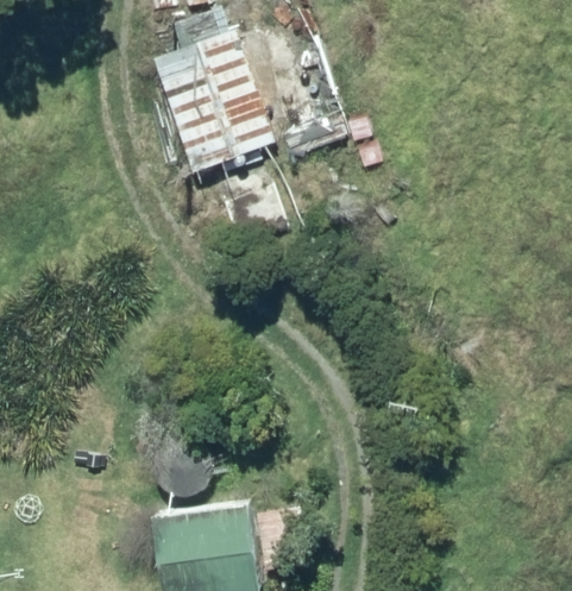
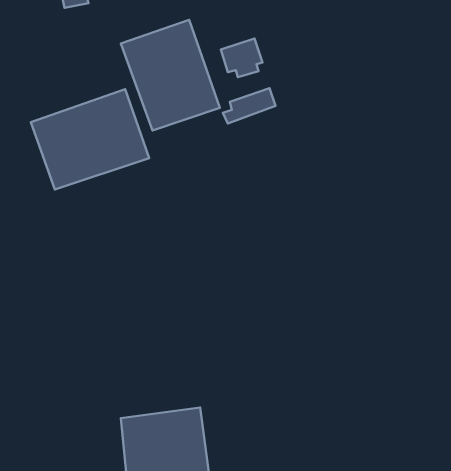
building: none -> [31,89,149,190]

